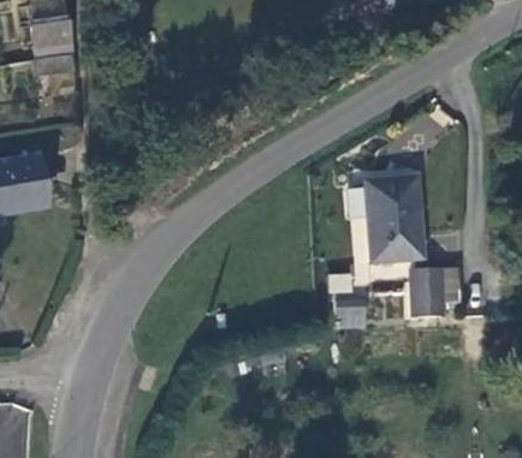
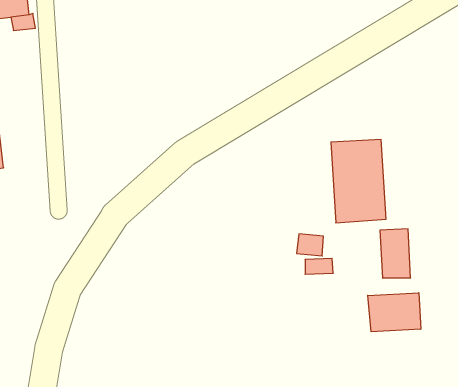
building: none -> [368,293,421,332]

